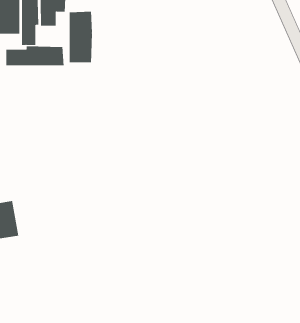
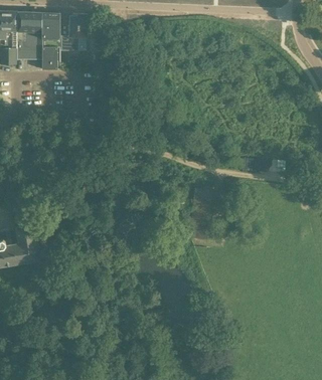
building: [69,11,92,63] -> none
building: [6,45,64,66] -> none

